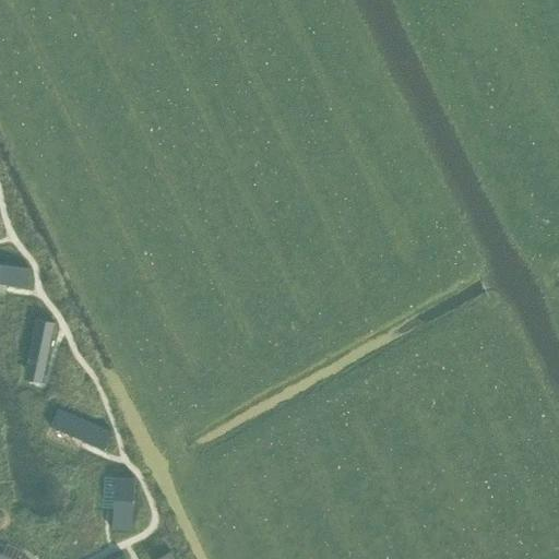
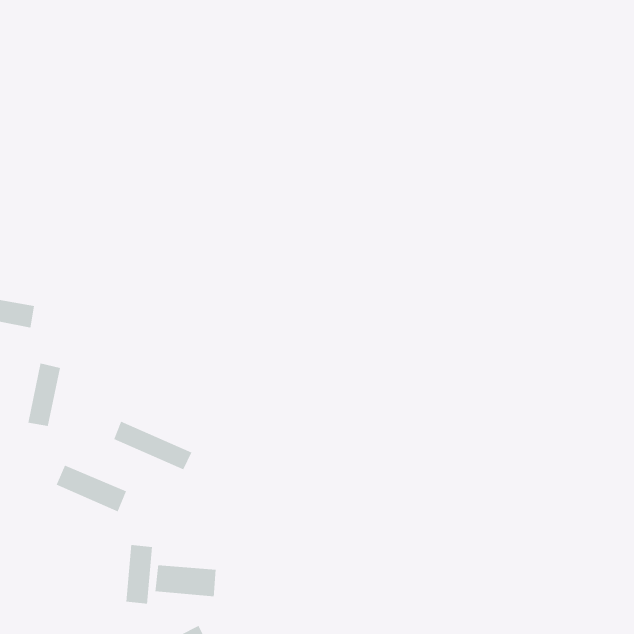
building: none -> [113,421,192,470]
building: none -> [155,564,216,597]

